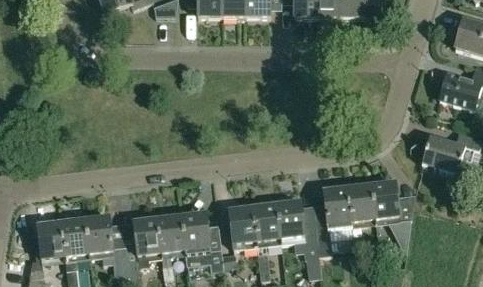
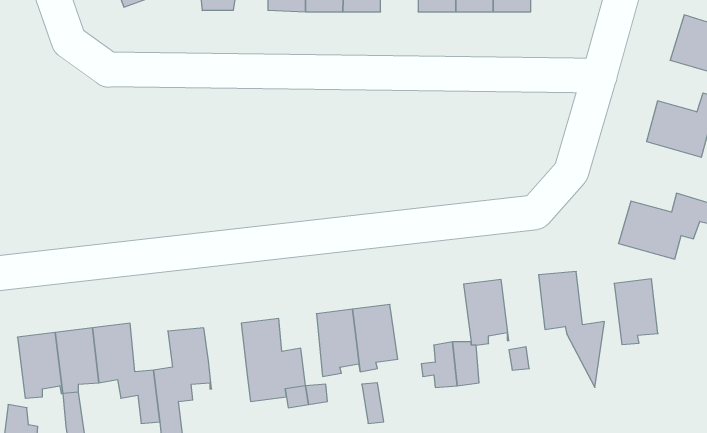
building: [346,183,374,225] -> [614,279,658,345]
building: [275,200,304,240] -> none
building: [156,214,184,256] -> none

